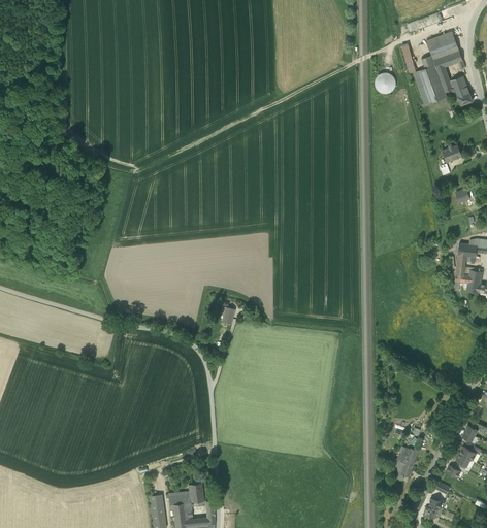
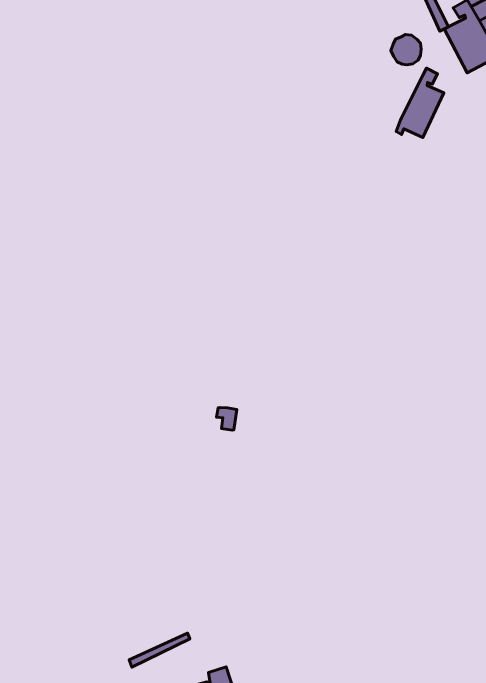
building: none -> [396,68,444,138]

